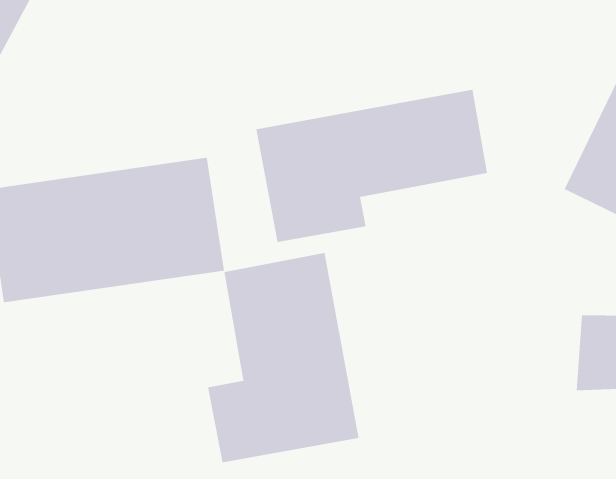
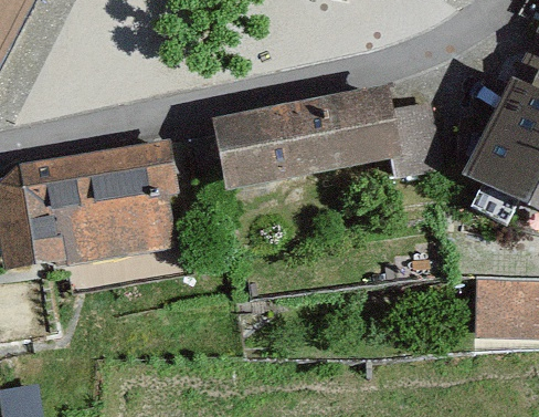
building: [208,252,359,463] -> none

